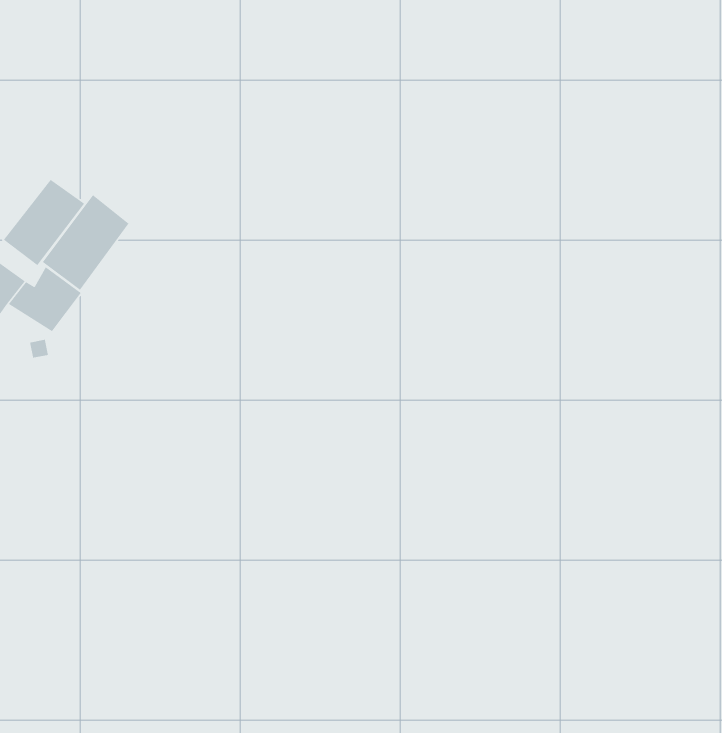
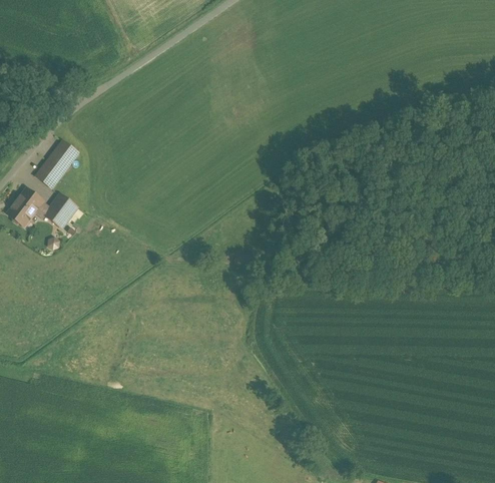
building: [42,194,129,291] -> none

